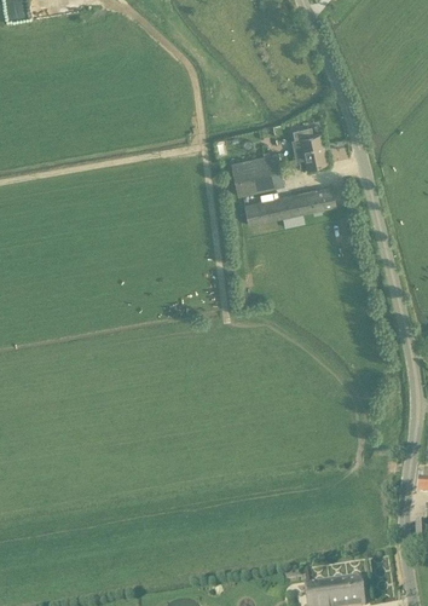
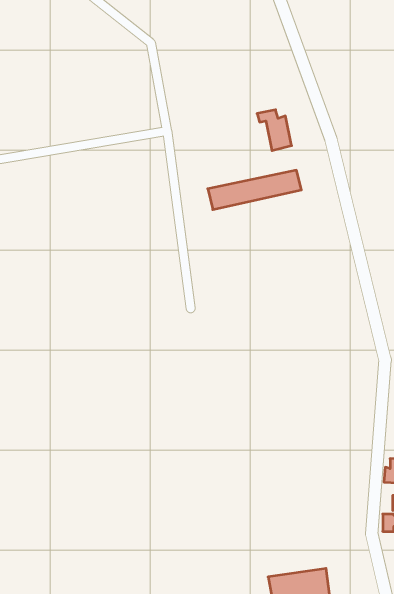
building: [231,154,284,195] -> none

